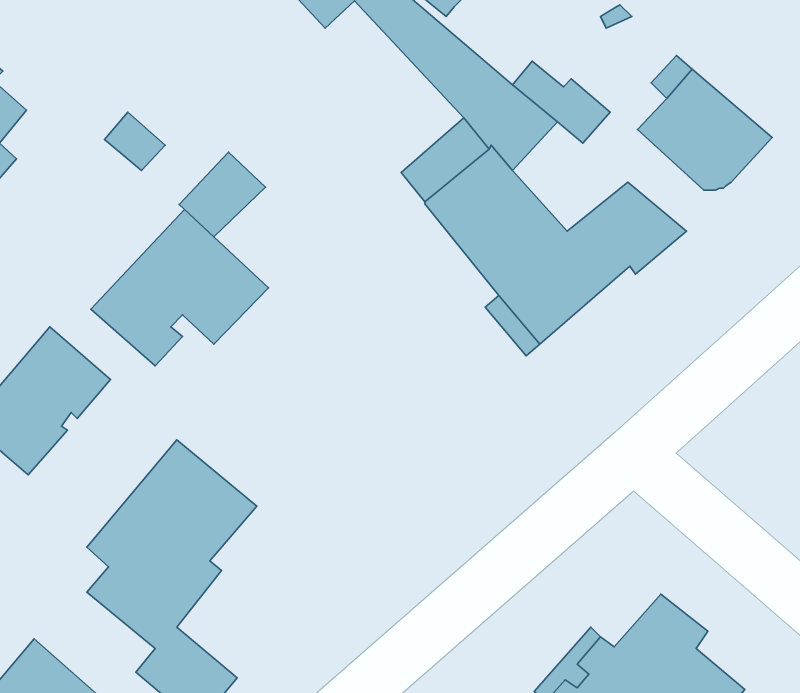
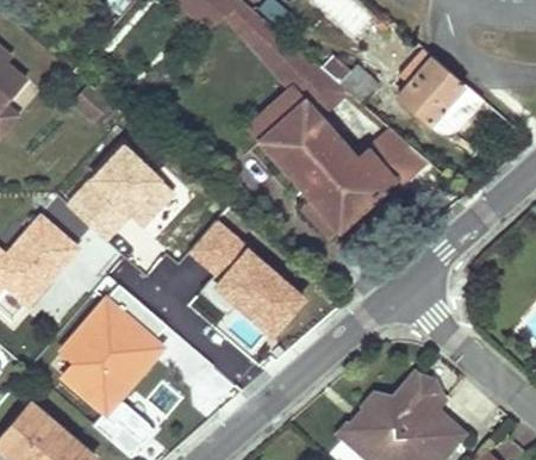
building: [179,152,265,237] -> none
building: none -> [189,218,304,331]

